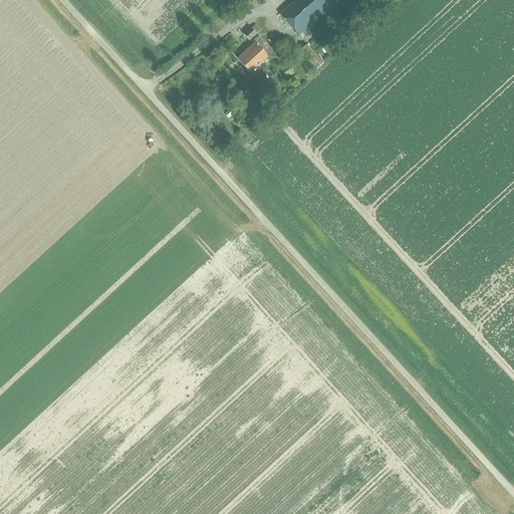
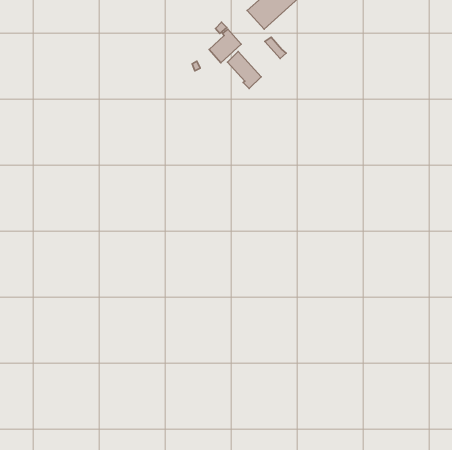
building: none -> [228,52,261,89]

